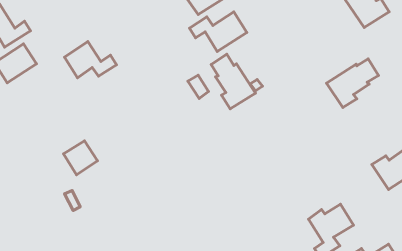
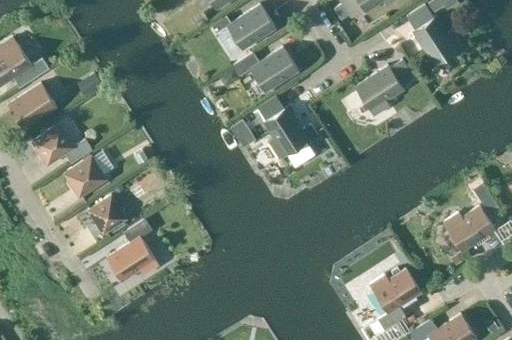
building: [64,41,117,78] -> [33,123,93,165]
building: [326,59,379,107] -> [355,59,415,115]
building: none -> [65,156,107,196]
building: none -> [107,218,159,281]

